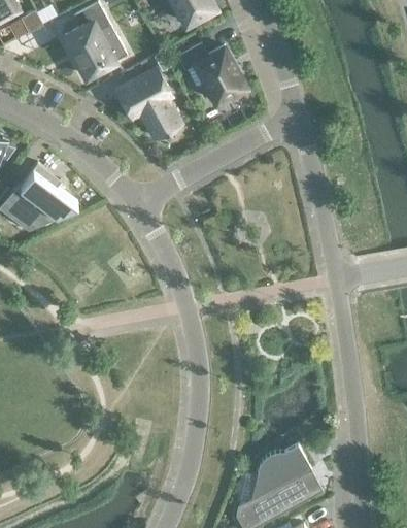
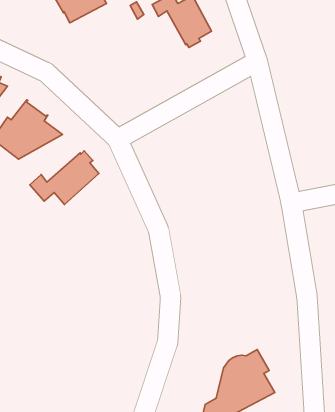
building: [116,69,180,139] -> none
building: none -> [30,151,99,205]

